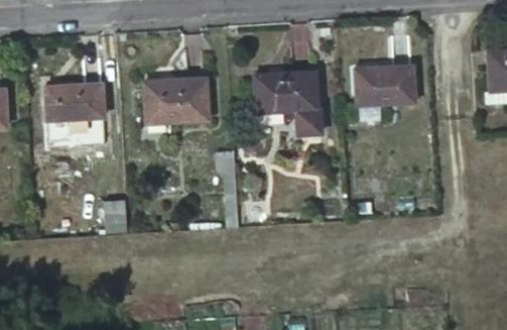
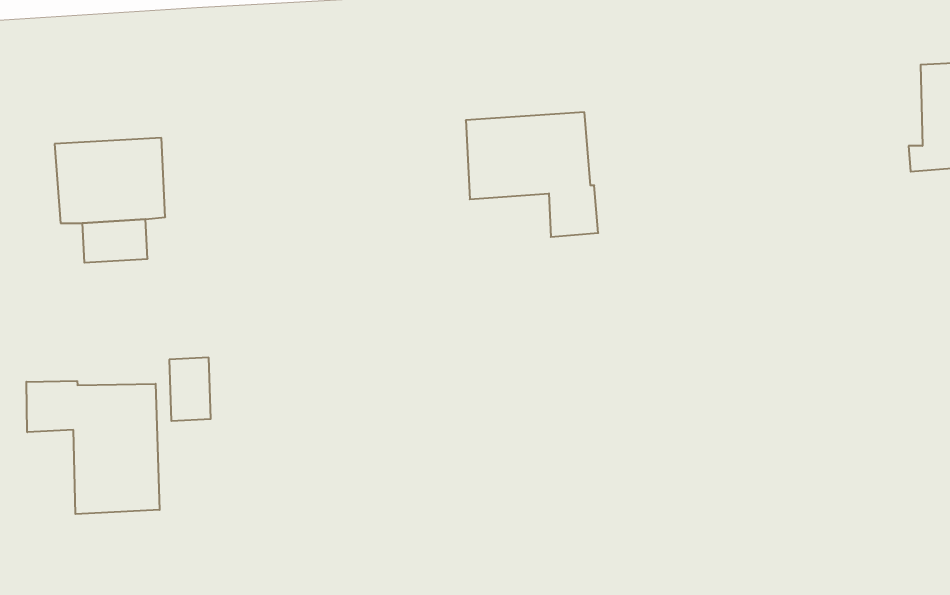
building: [356,67,416,110] -> none
building: [145,78,210,122] -> none
building: none -> [26,381,160,514]

